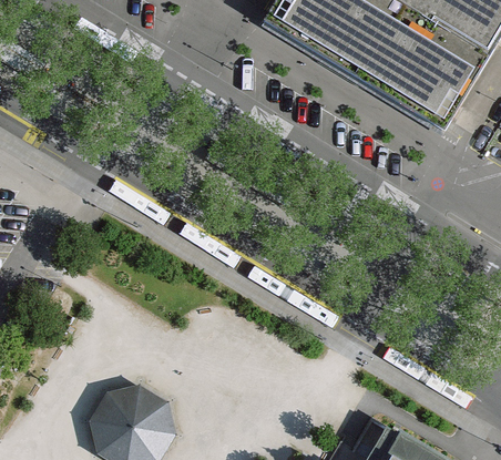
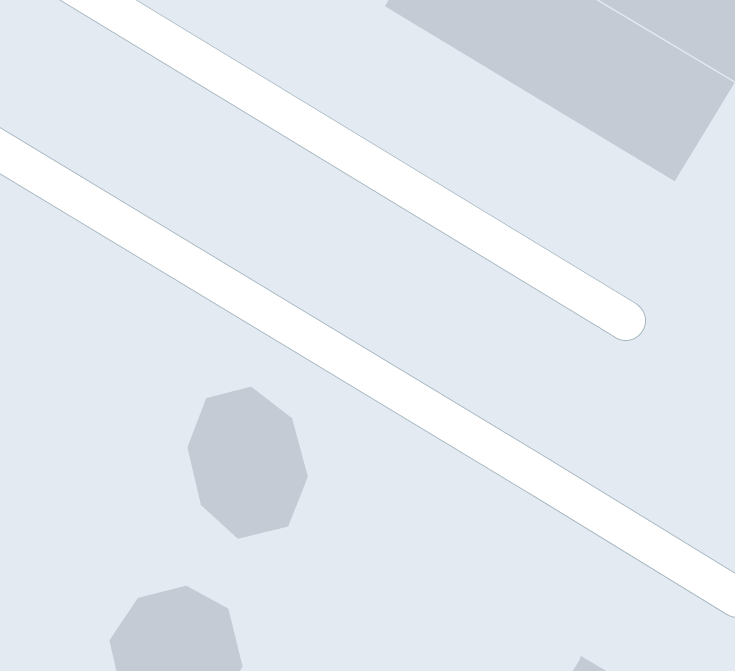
building: none -> [187,386,309,540]

